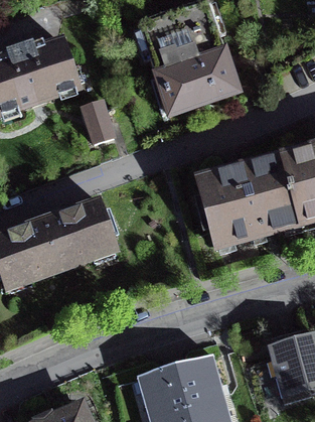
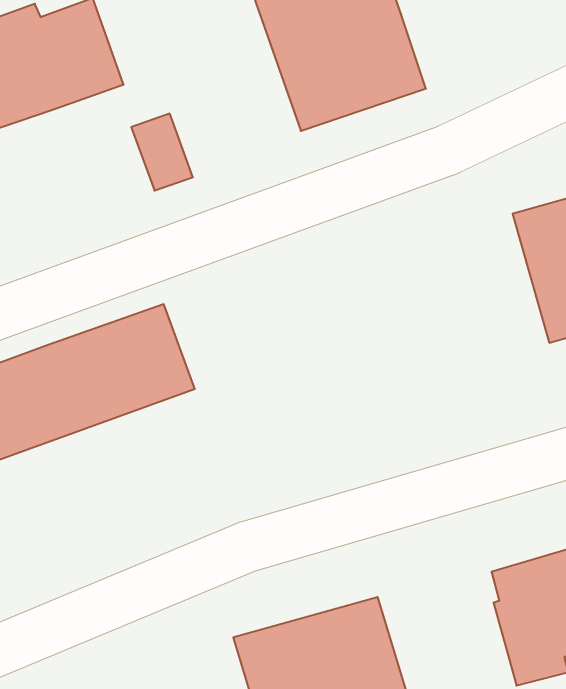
building: [196,154,301,246] -> none

